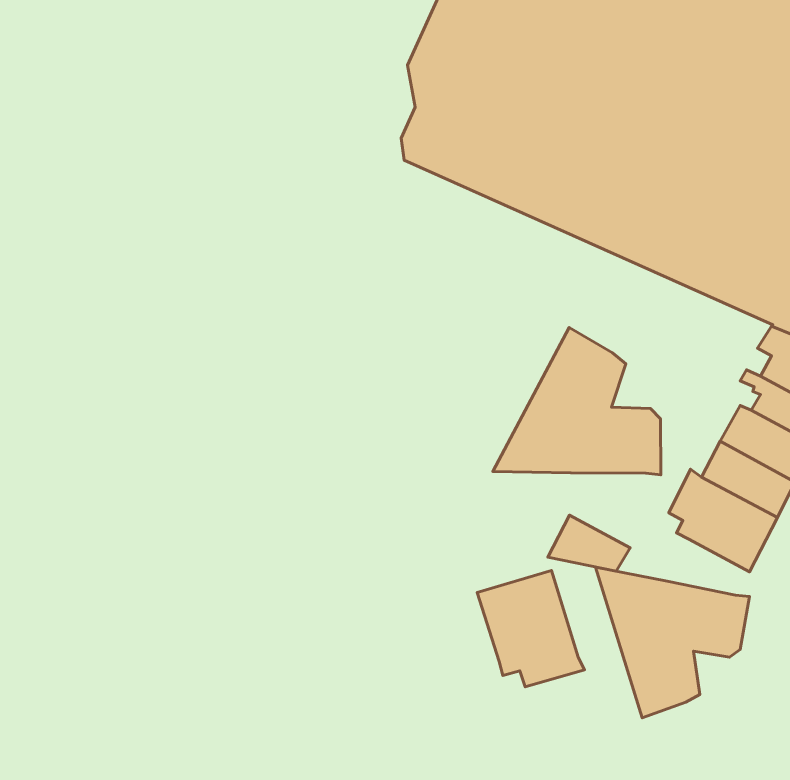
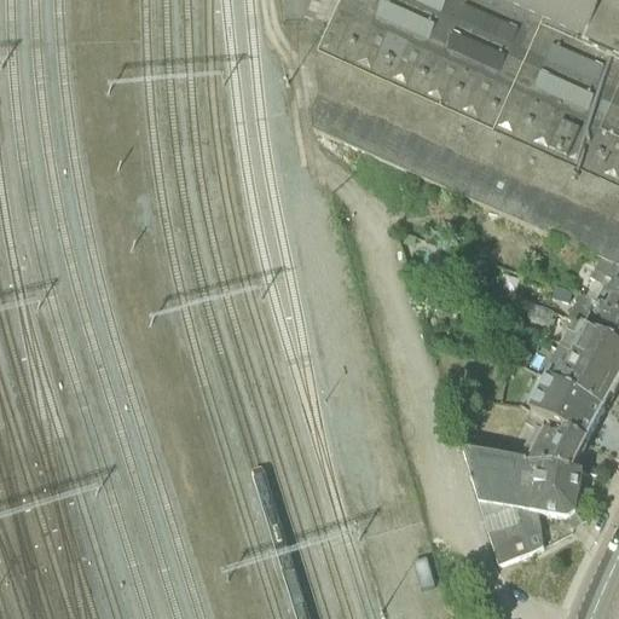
building: [493,328,661,475] -> none
building: [548,515,630,571] -> [522,420,586,463]
building: [477,571,584,687] -> none

